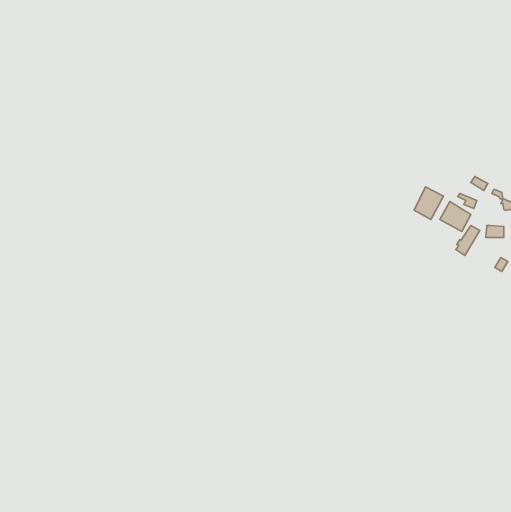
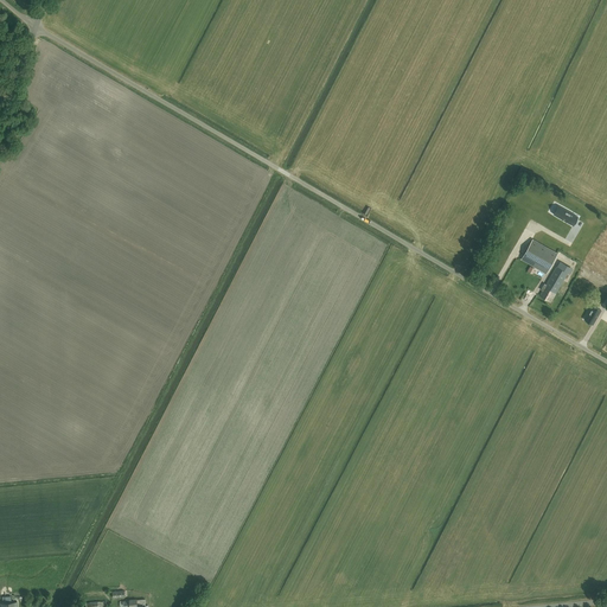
building: [414,187,443,219] -> none

